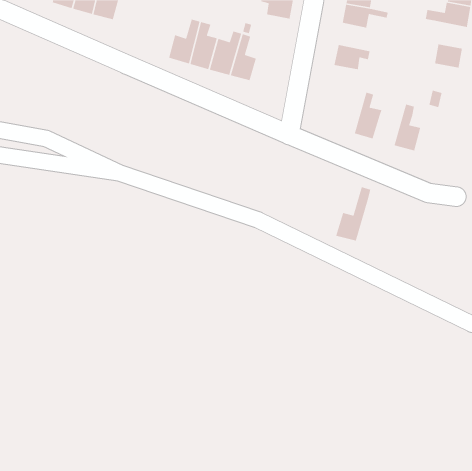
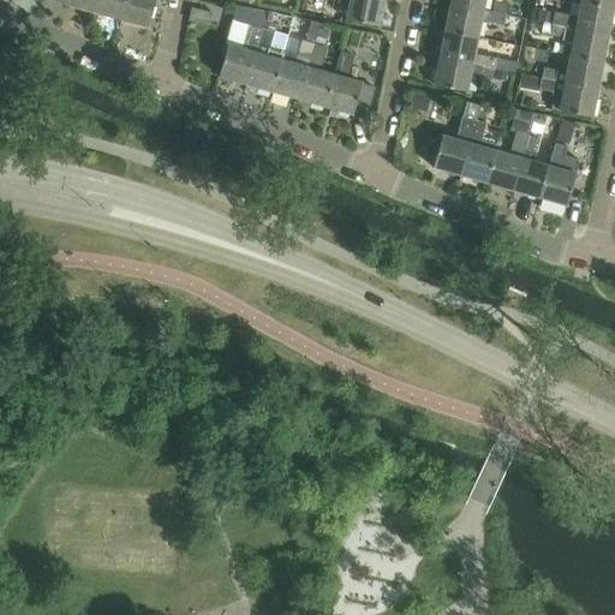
building: none -> [562,28,608,62]
building: none -> [440,30,497,68]
building: none -> [326,50,362,114]
building: none -> [539,78,597,117]
building: none -> [485,130,529,190]
building: none -> [539,143,579,205]
building: [335,186,371,242] -> [432,102,479,174]

